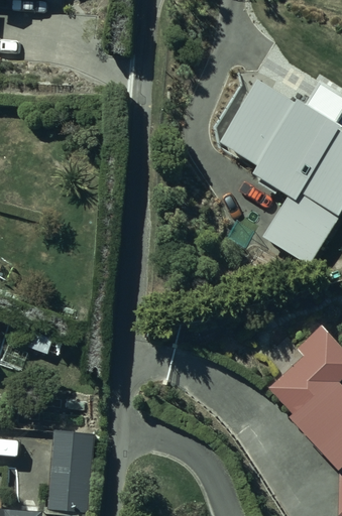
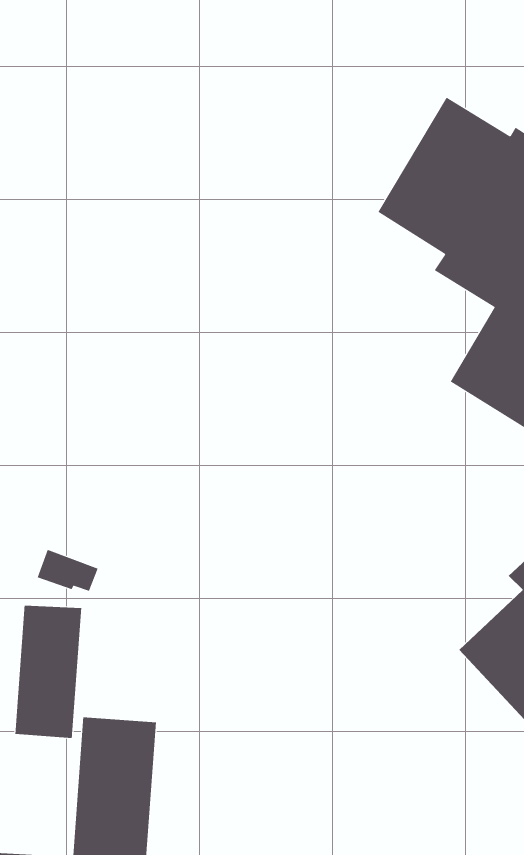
building: none -> [15,605,82,739]

